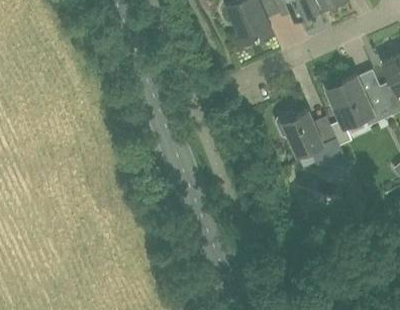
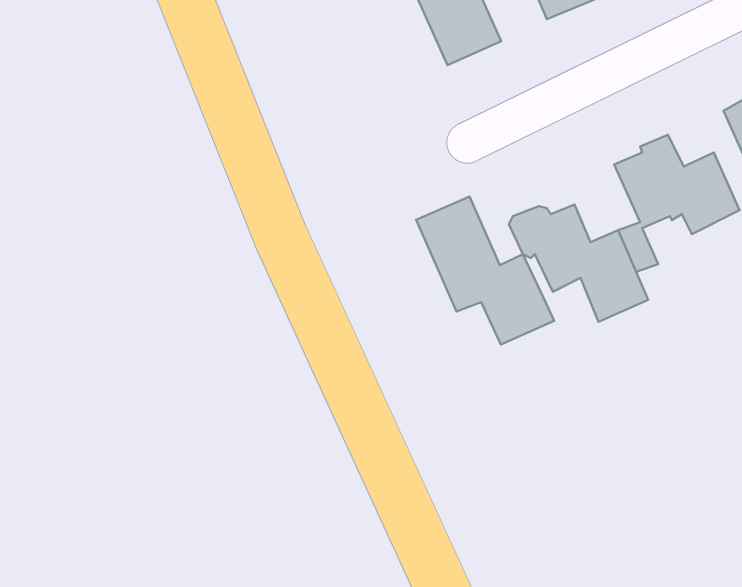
building: none -> [416,197,554,344]

